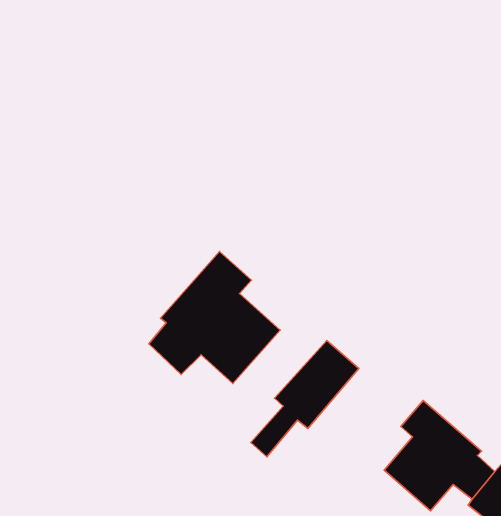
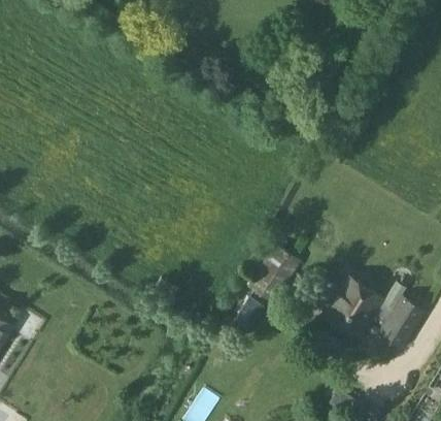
building: [149,252,280,383] -> none

